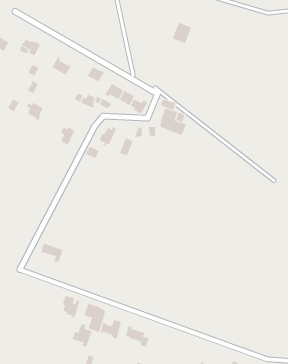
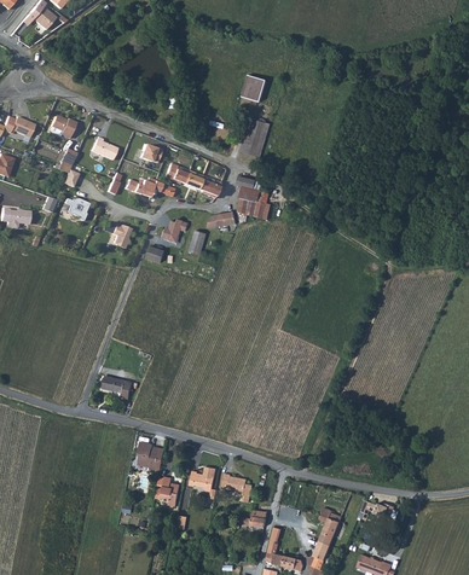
building: none -> [241,118,270,156]
building: [84,303,106,333] -> none

